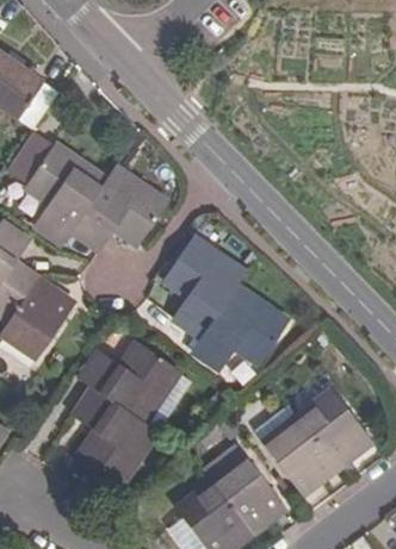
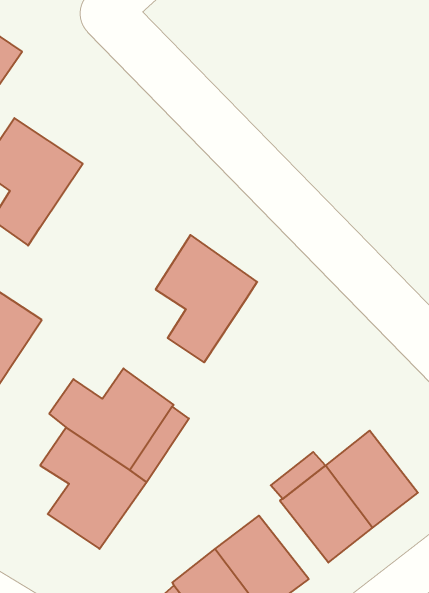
building: [73,166,167,249] -> none
building: [192,286,286,369] -> none

